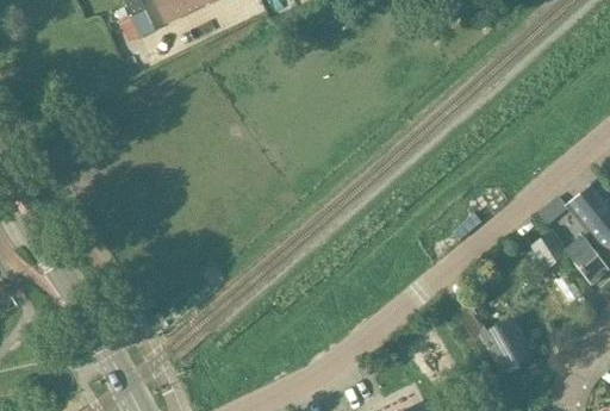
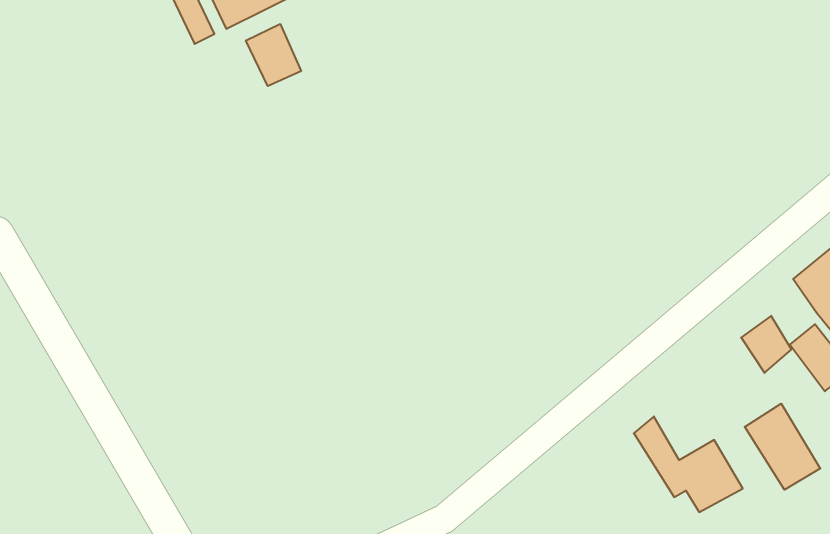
building: none -> [246,24,301,86]
building: none -> [745,404,820,490]

